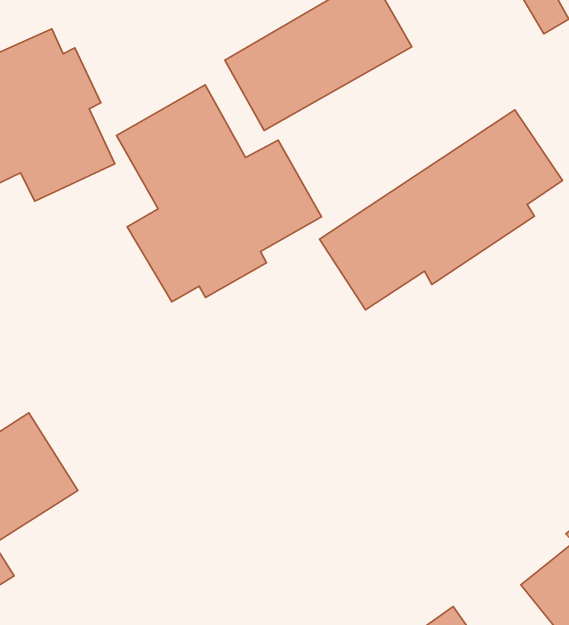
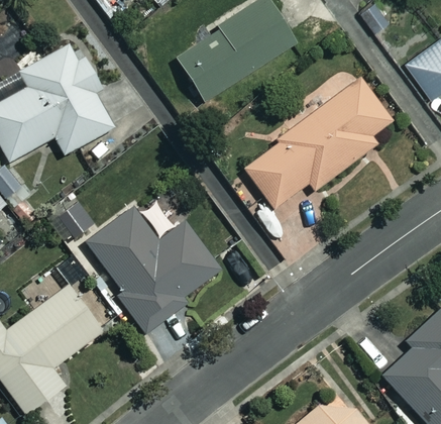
building: [117,85,322,302] -> none
building: none -> [87,208,220,333]

